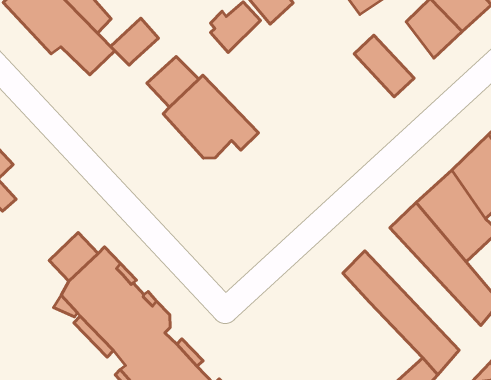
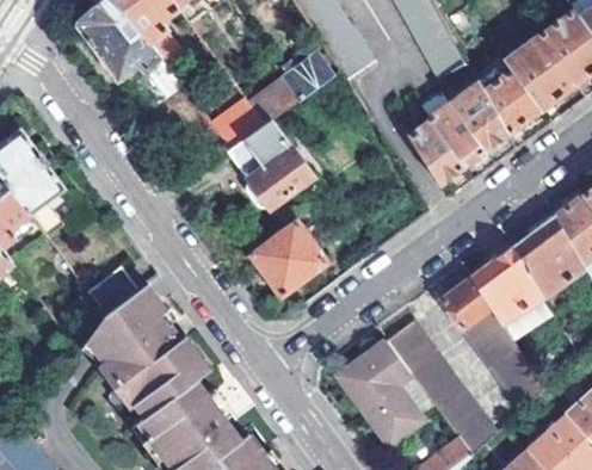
building: none -> [449,80,507,149]
building: [111,18,159,65] -> [247,78,297,124]
building: none -> [409,111,462,181]
building: none -> [249,219,326,293]
building: none -> [339,340,421,444]

